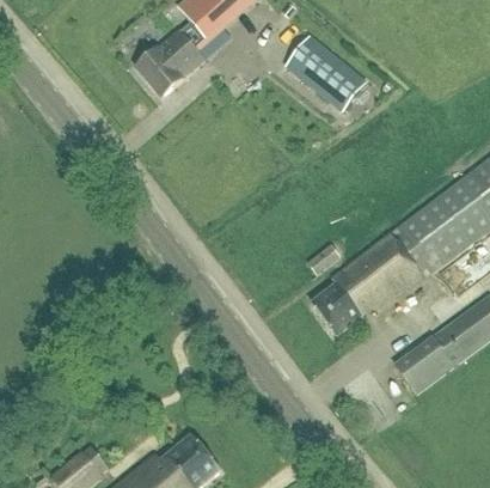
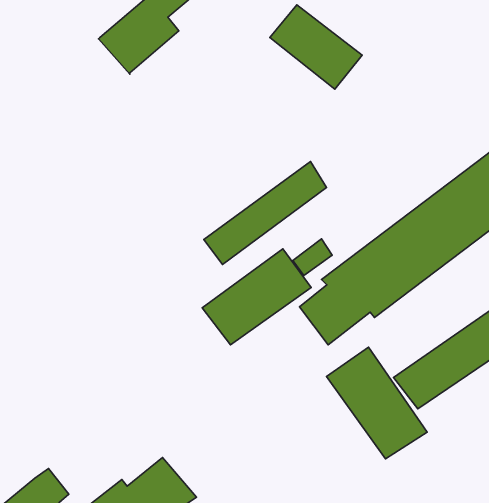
building: none -> [204,162,326,265]
building: none -> [202,249,311,345]
building: none -> [327,347,427,459]

